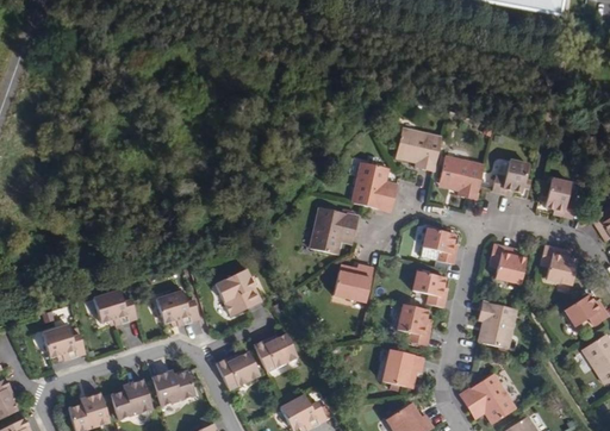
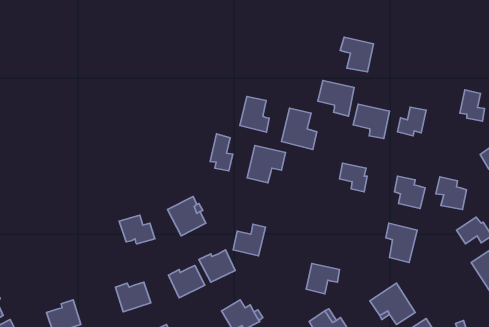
building: none -> [340,37,374,72]
building: none -> [240,96,269,132]
building: [546,179,575,217] -> [460,90,484,121]
building: none -> [210,134,233,171]
building: [334,263,373,301] -> [233,224,266,256]
building: [412,270,447,306] -> none
building: [93,288,137,325] -> none
building: [397,304,431,344] -> none
building: [42,325,86,361] -> none
building: [111,380,152,420] -> none

